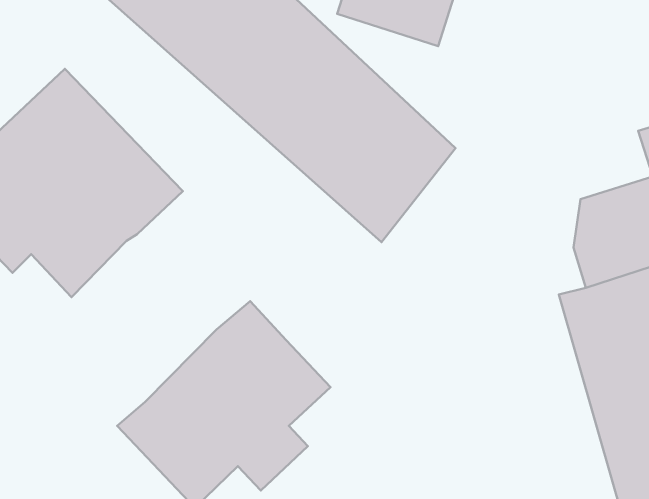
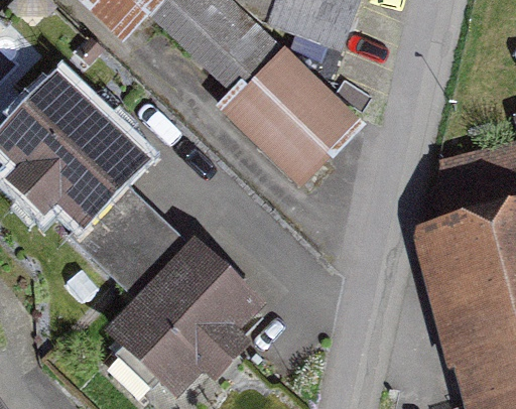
building: none -> [58,192,179,313]

